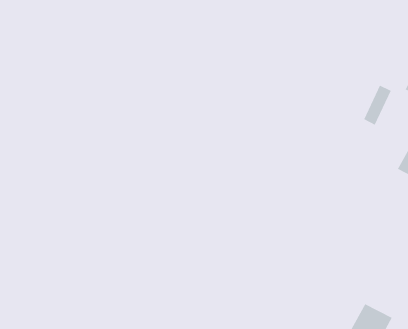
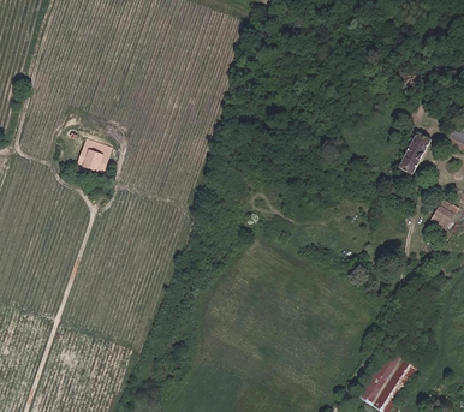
building: none -> [78,137,112,169]

